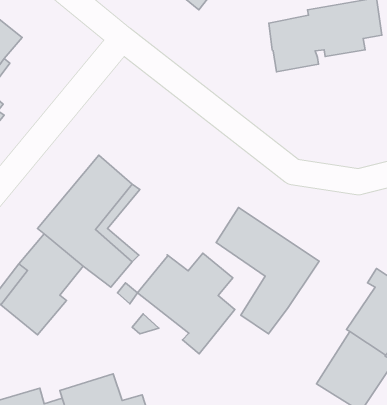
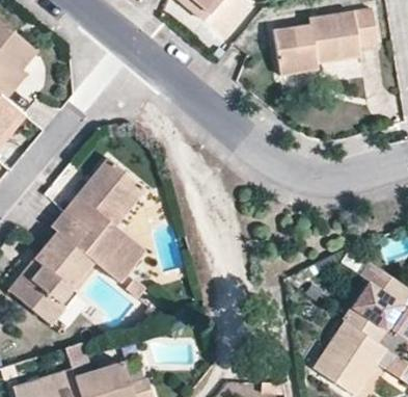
building: [216,208,319,334] -> none
building: [138,253,235,354] -> none

